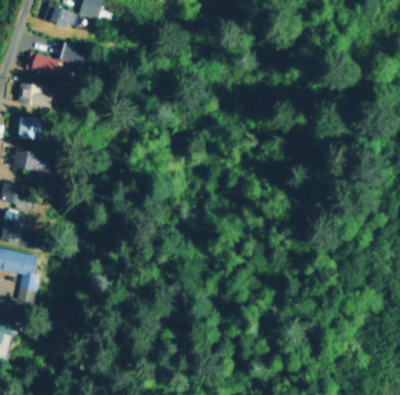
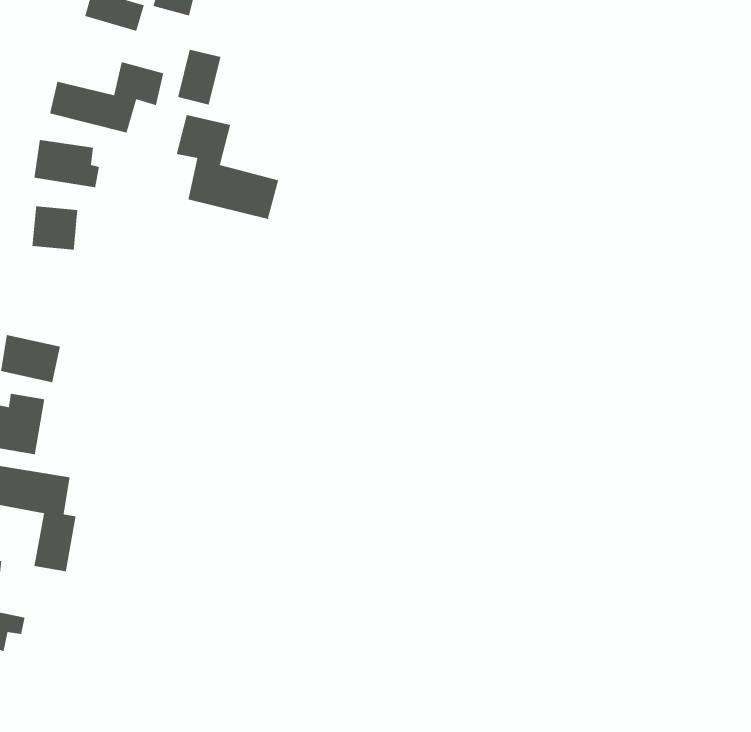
building: none -> [177,49,221,105]
building: none -> [176,114,279,220]
building: [14,150,48,172] -> none

